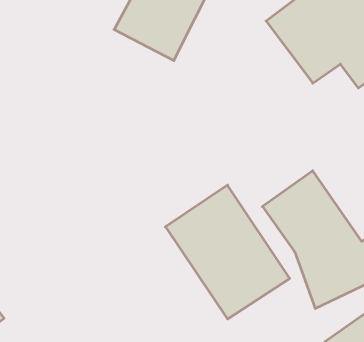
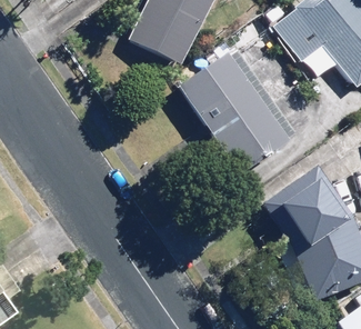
building: [165,185,290,319] -> [180,47,295,171]

